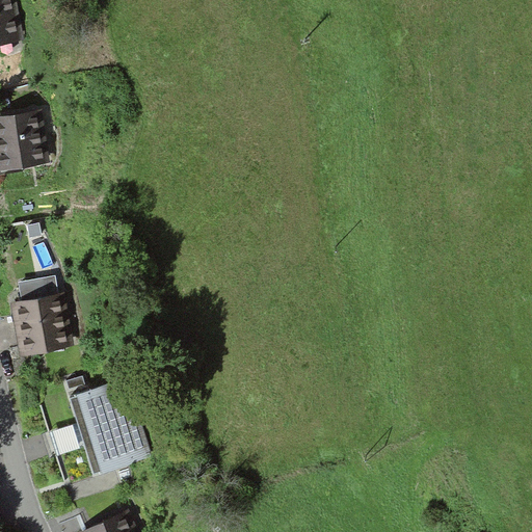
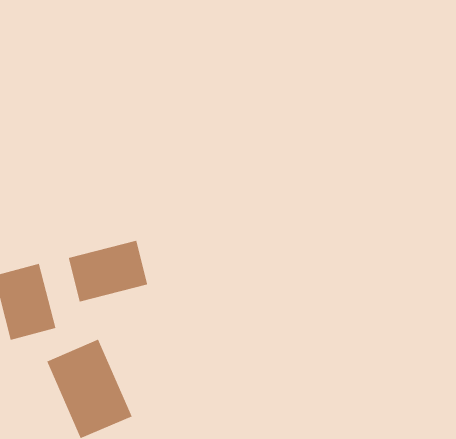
building: none -> [68,240,148,303]

